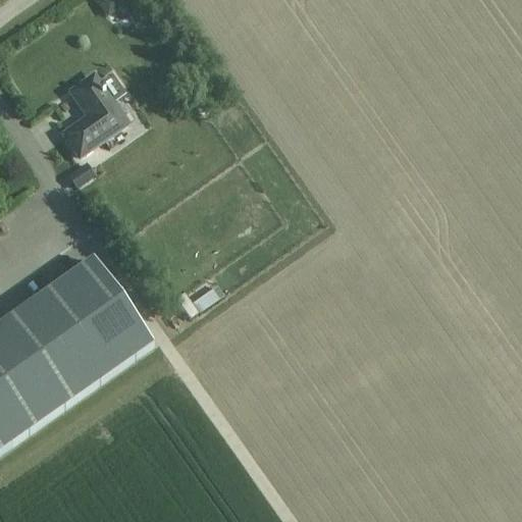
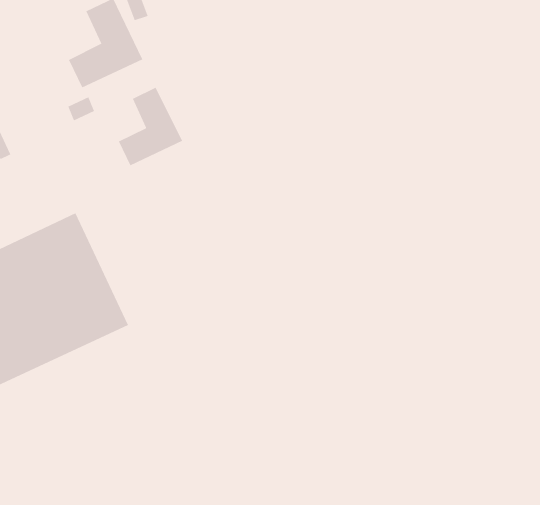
building: none -> [118,87,183,166]

